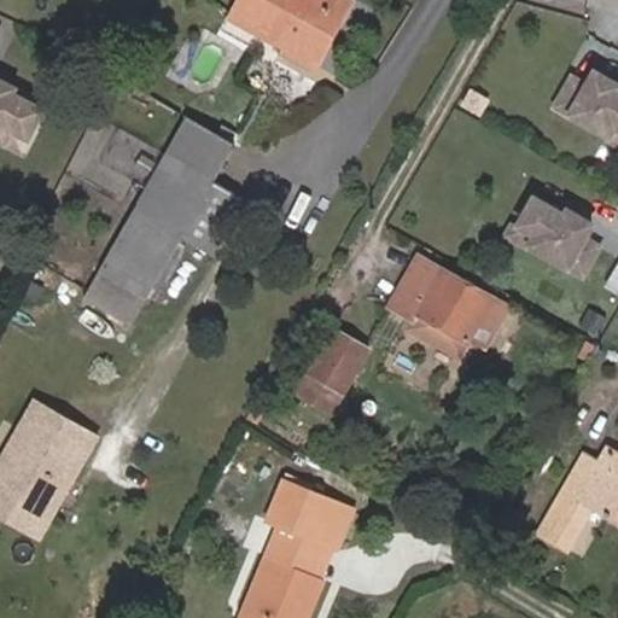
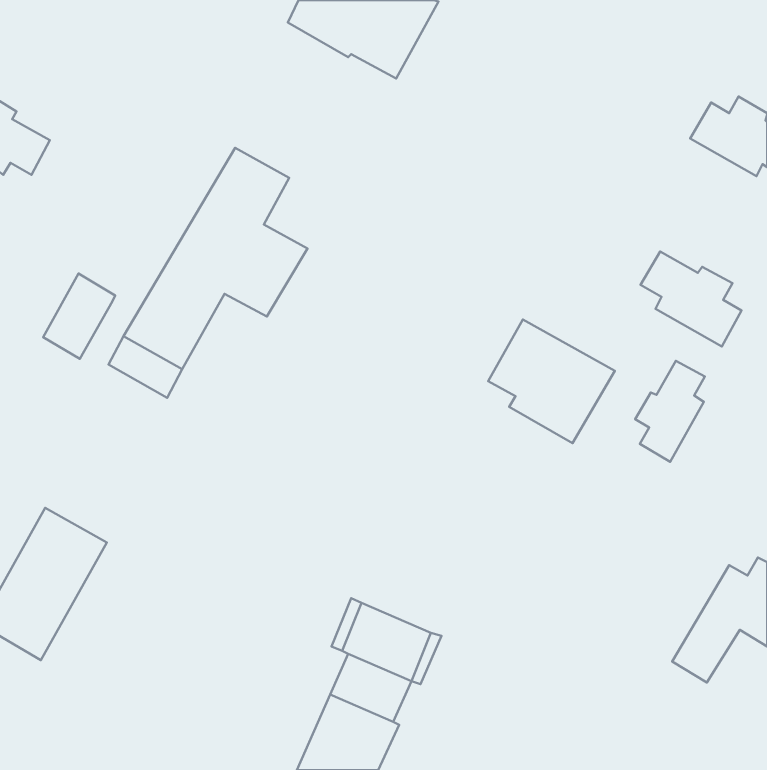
building: none -> [43,274,115,359]
building: none -> [635,361,705,462]
building: [296,330,367,412] -> none

